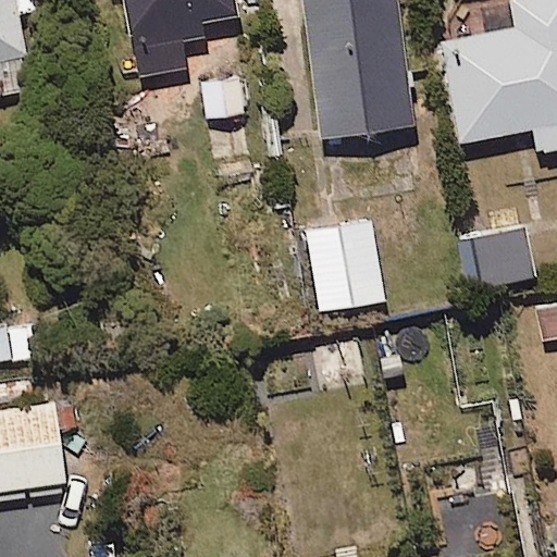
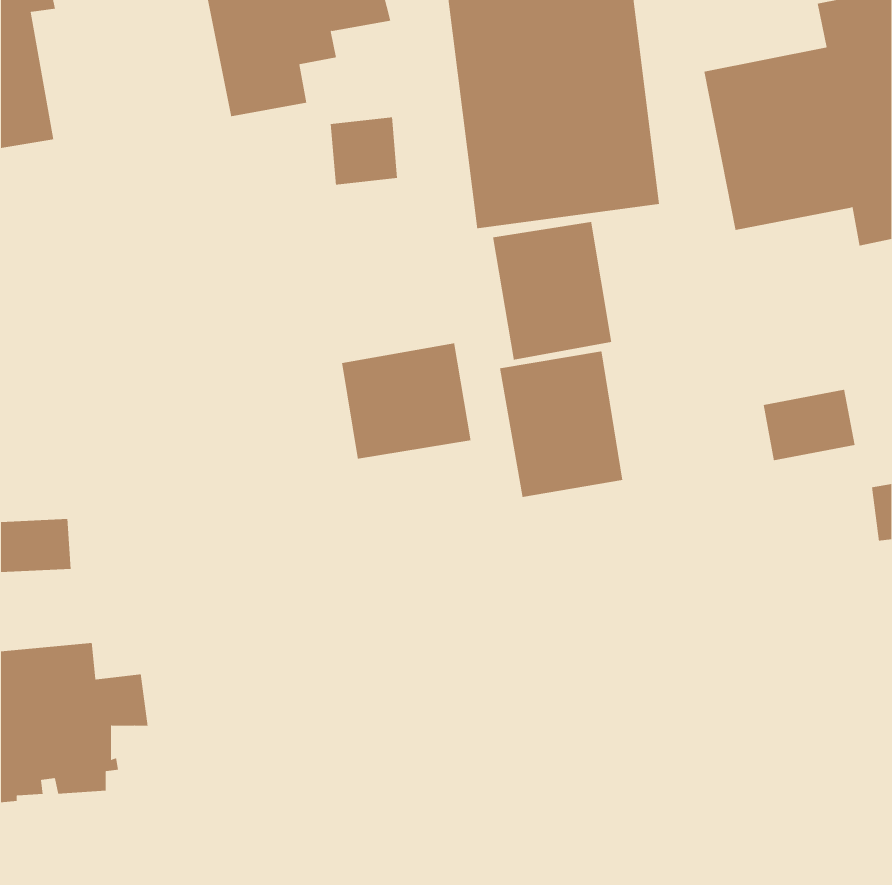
building: none -> [492,221,612,360]
building: none -> [341,342,471,459]

